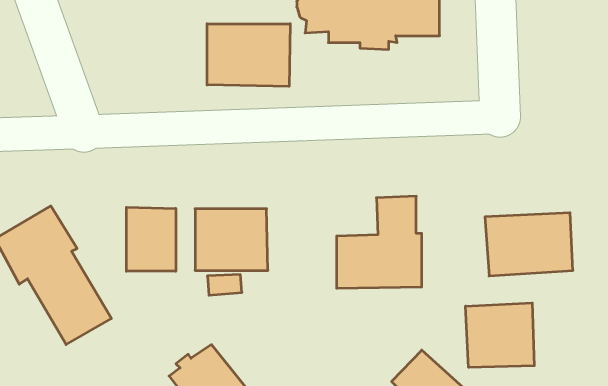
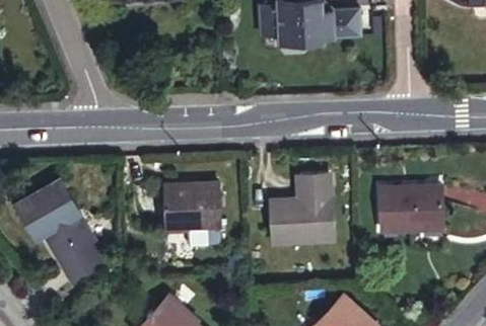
building: [207,24,290,86] -> none
building: [126,207,176,271] -> none
building: [466,303,534,367] -> none

